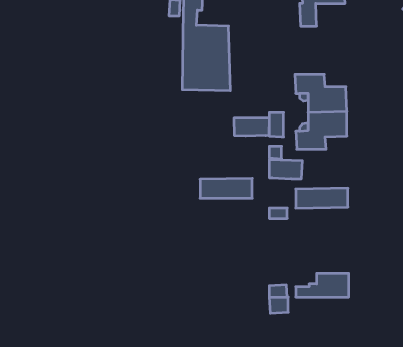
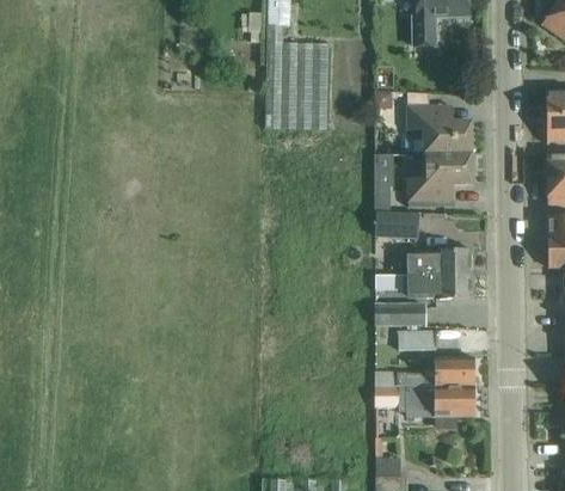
building: [234,118,269,136] -> none
building: [200,178,252,198] -> [407,272,473,297]
building: none -> [375,302,425,324]
building: none -> [399,329,437,348]
building: none -> [407,386,474,426]

